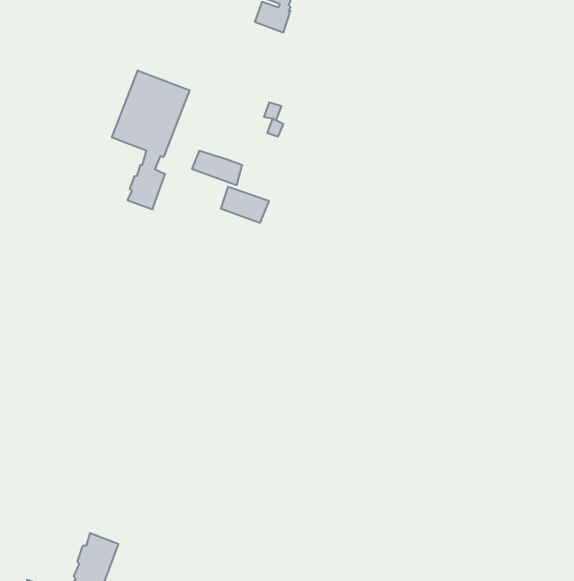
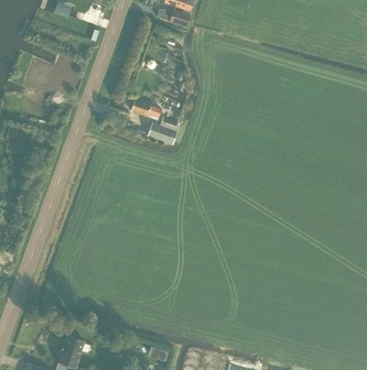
building: [112,70,189,209] -> none

